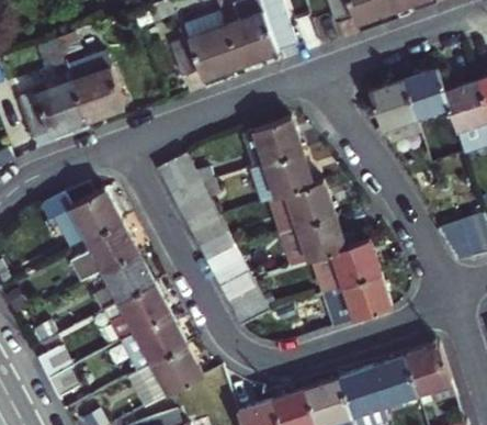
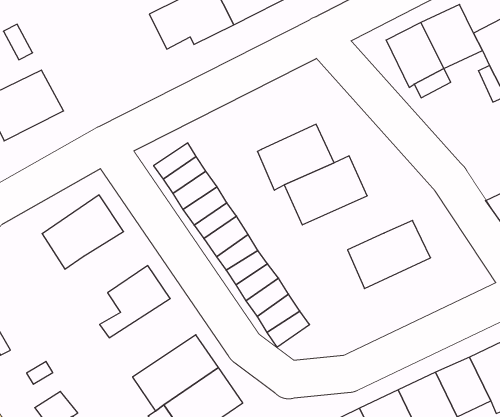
building: [76,63,127,113] -> none
building: [242,120,298,166] -> none
building: [276,215,343,266] -> none
building: [76,220,144,280] -> none
building: [321,273,390,328] -> none
building: [101,280,177,342] -> none

